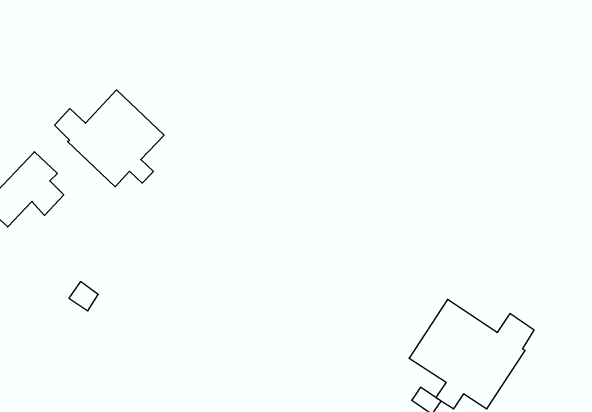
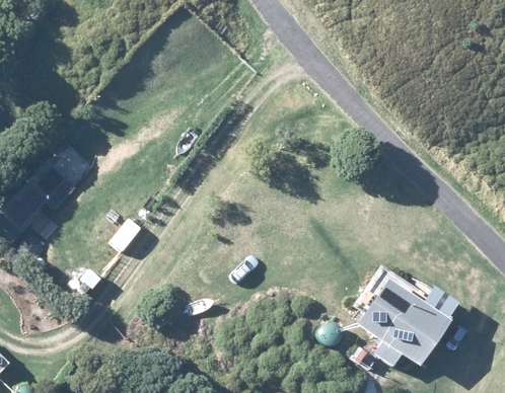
building: [55,90,164,187] -> none

